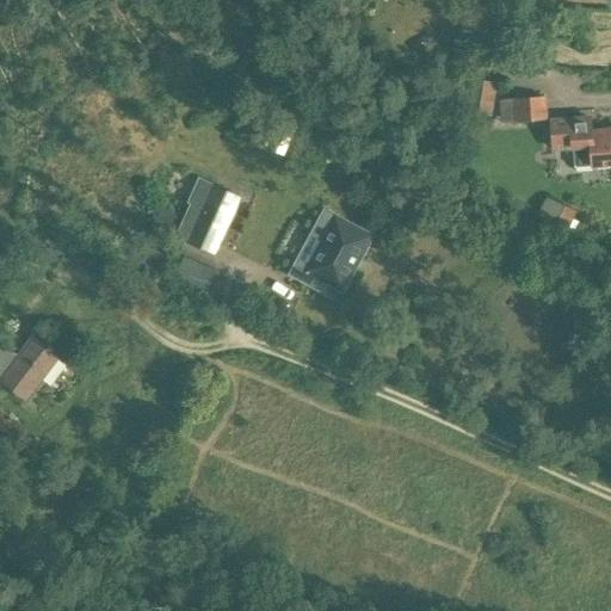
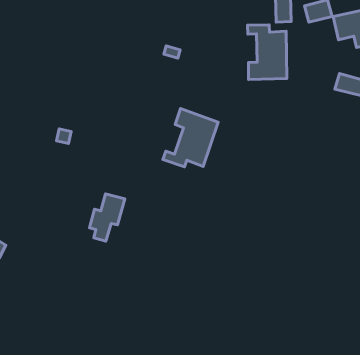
building: none -> [247,25,287,80]
building: [183,185,236,248] -> [89,194,125,241]

